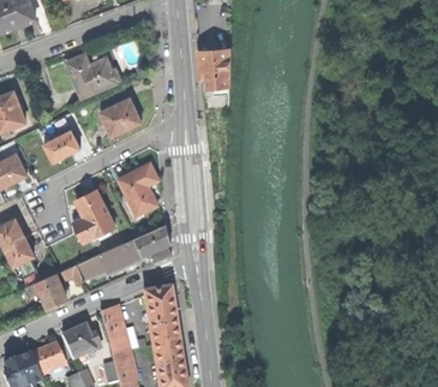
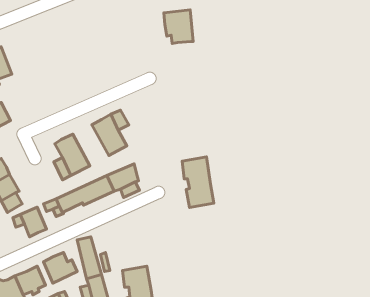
building: [66,54,118,97] -> none
building: [98,97,139,137] -> none
building: [43,131,78,162] -> none
building: [143,288,179,346] -> [182,157,214,207]

